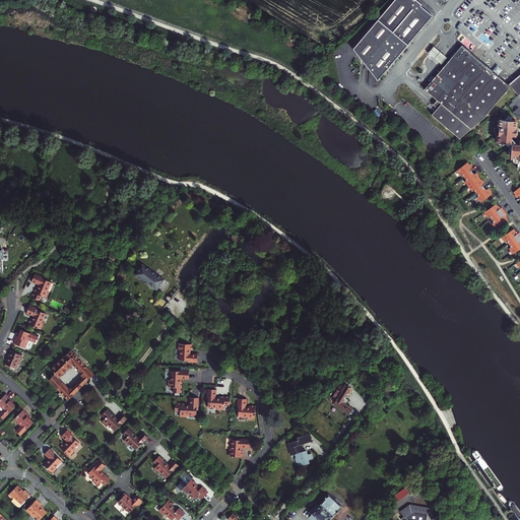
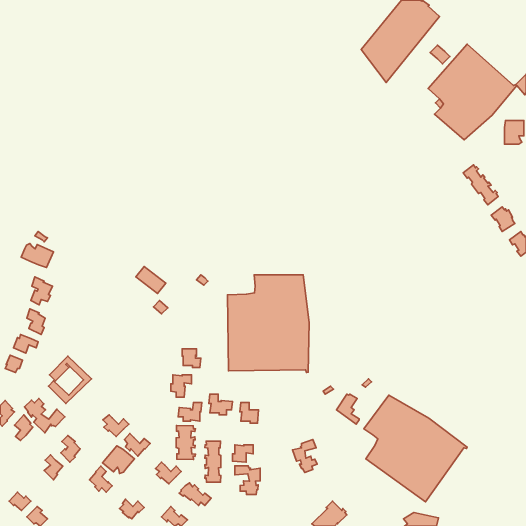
building: none -> [21,243,53,267]
building: none -> [228,275,309,372]
building: none -> [364,395,467,502]
building: none -> [25,399,65,433]
building: none -> [176,426,195,459]
building: none -> [205,441,221,482]
building: none -> [103,446,134,474]
building: none -> [235,466,260,495]

